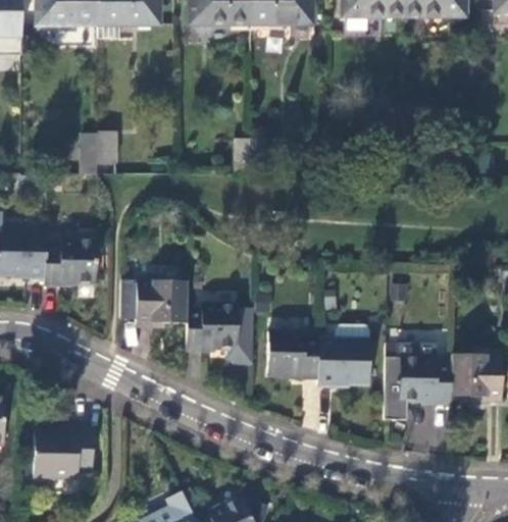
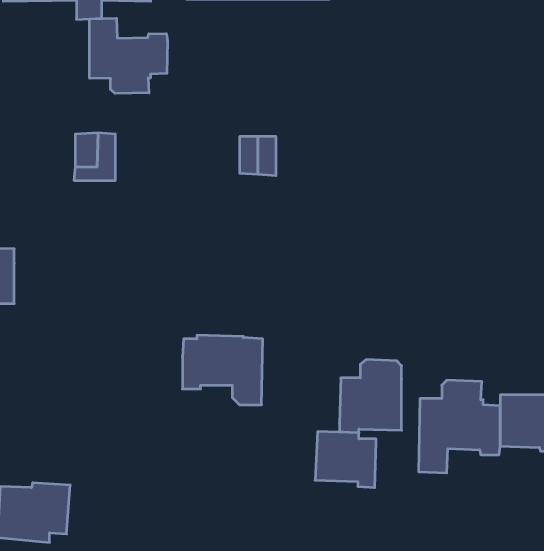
building: none -> [90,18,167,93]
building: [43,243,96,289] -> none
building: [119,280,186,327] -> none
building: [266,332,317,379] -> [315,432,376,488]

